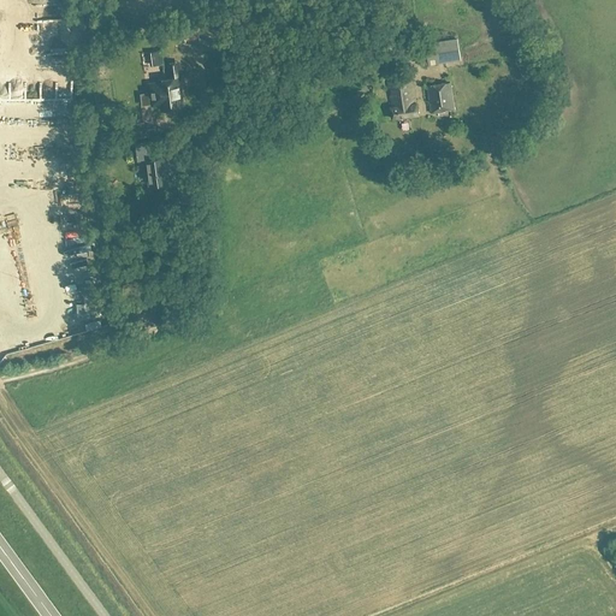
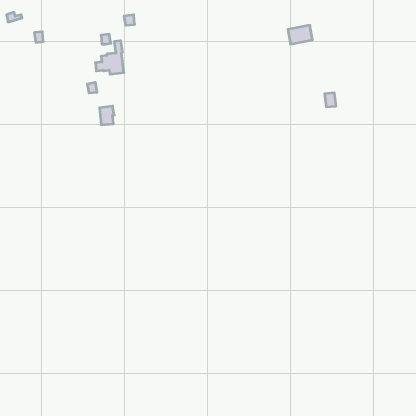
building: [390,81,420,119] -> none
building: [428,83,456,113] -> none

